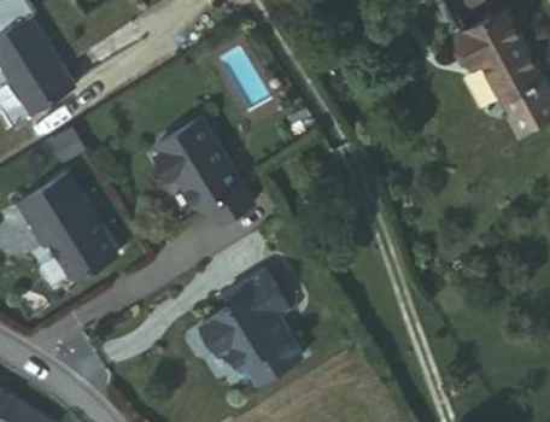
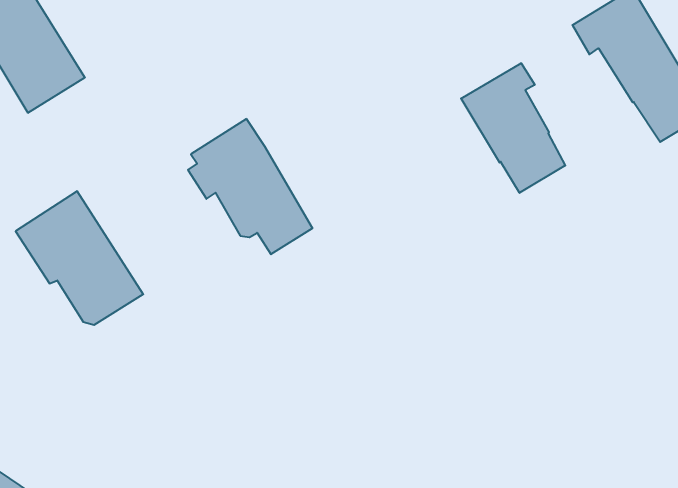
building: none -> [461,63,565,193]
building: [198,270,300,383] -> none

